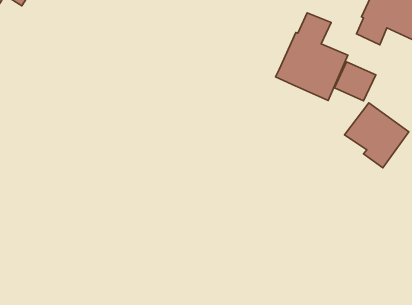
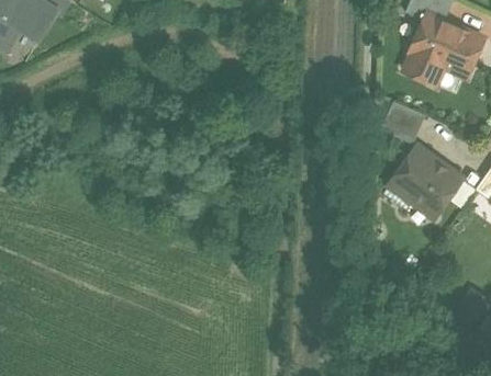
building: [275,13,348,100] -> none

